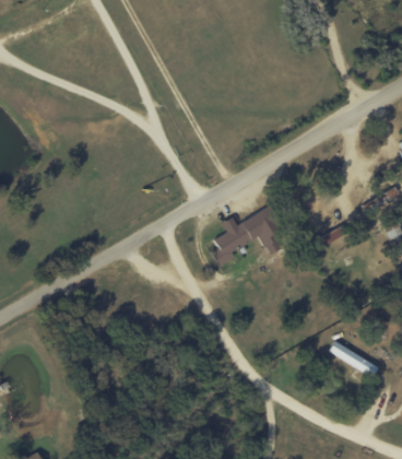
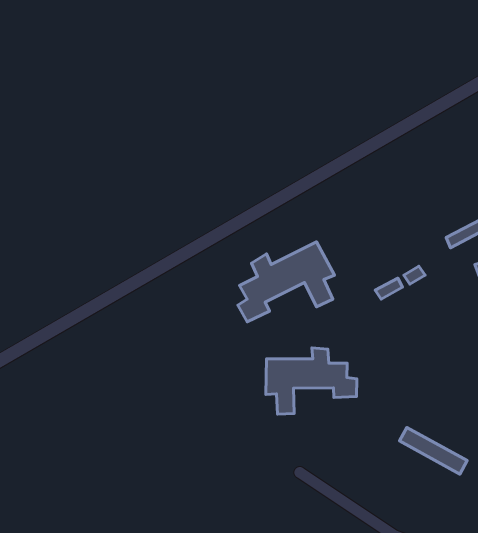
building: none -> [266,348,357,414]

